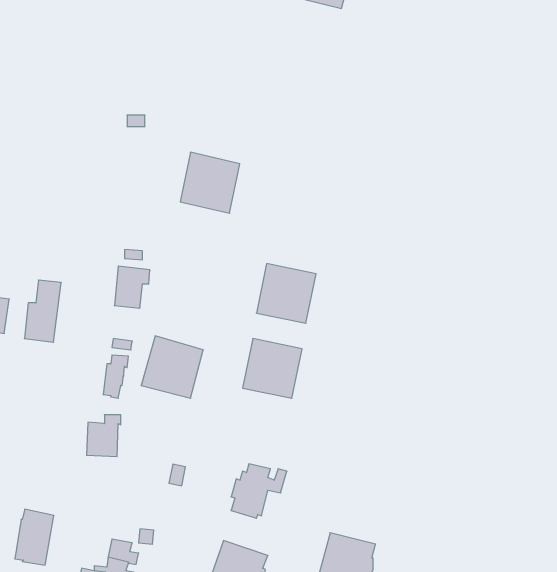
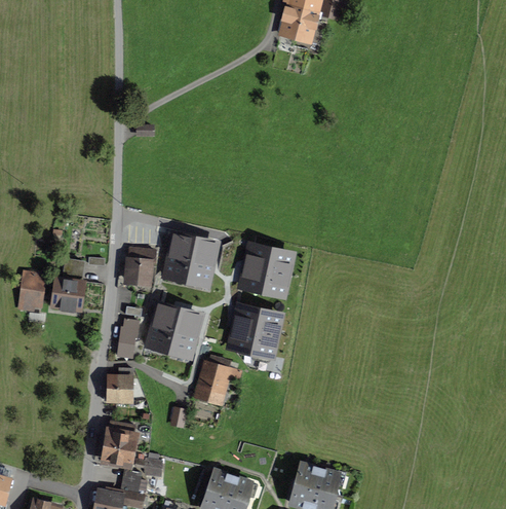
building: [180,152,240,213] -> [166,235,215,285]
building: [231,464,287,518] -> [198,358,243,402]
building: [15,509,54,565] -> [104,422,135,467]

